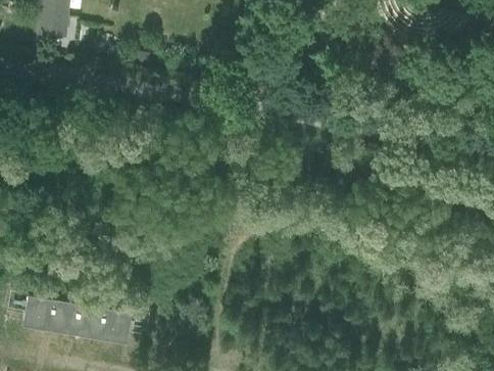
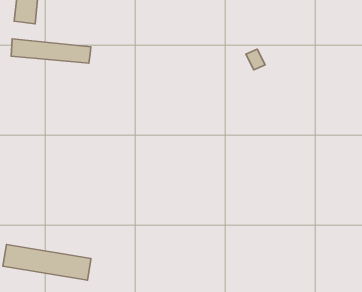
building: none -> [11,39,91,63]

